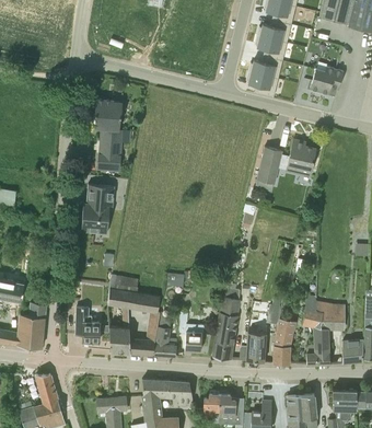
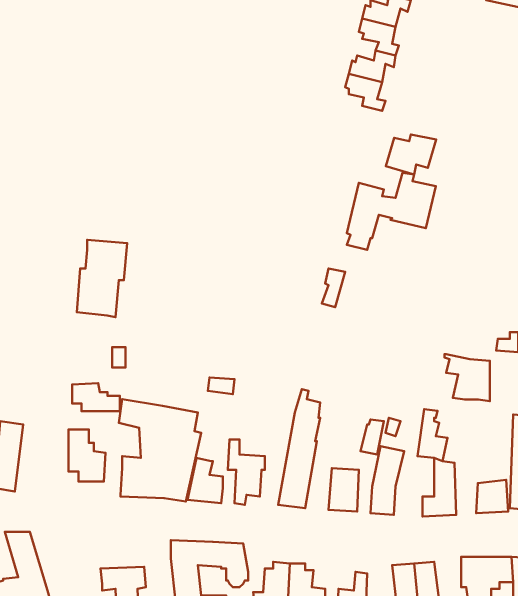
building: [310,67,342,93] -> [386,134,436,175]
building: [94,99,121,170] -> none
building: none -> [72,383,120,411]
building: [314,299,344,329] -> [445,354,490,401]

